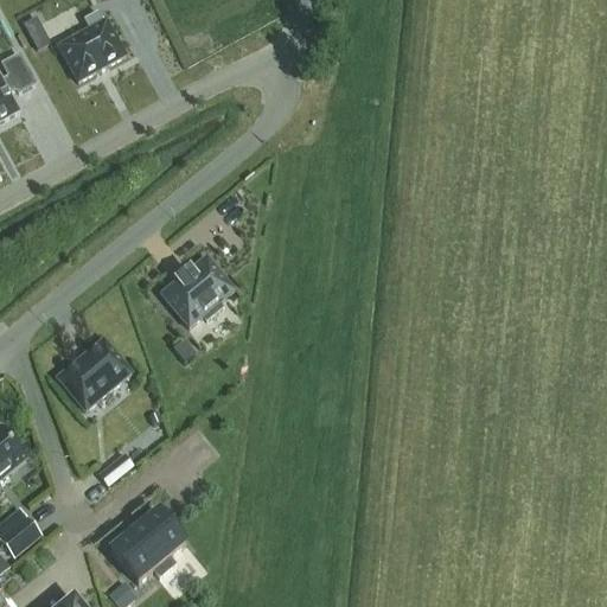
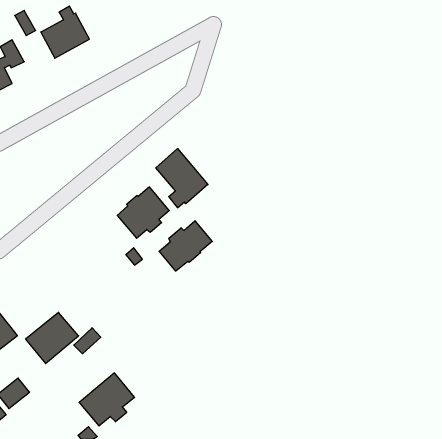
building: none -> [156,149,208,208]
building: none -> [159,221,212,271]
building: [56,339,128,409] -> [26,312,79,364]

